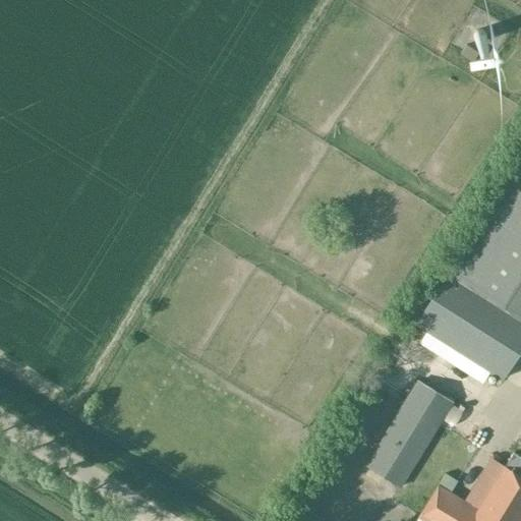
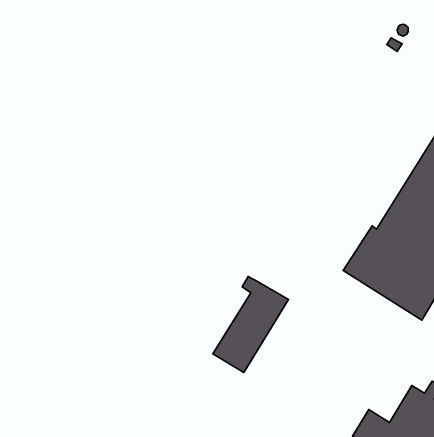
building: [367,375,457,489] -> [213,276,288,373]

